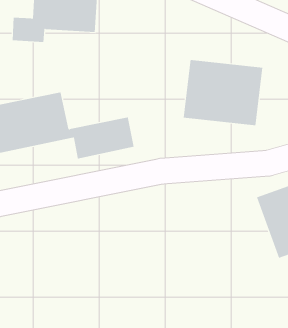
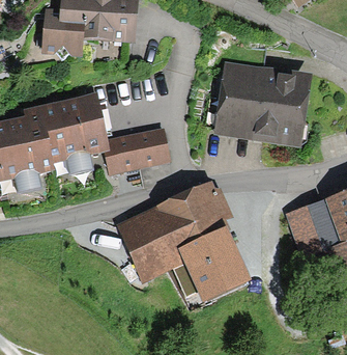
building: none -> [124,190,239,292]

